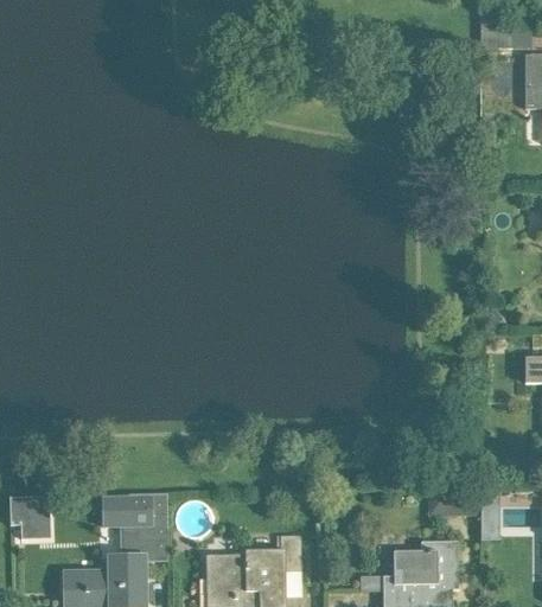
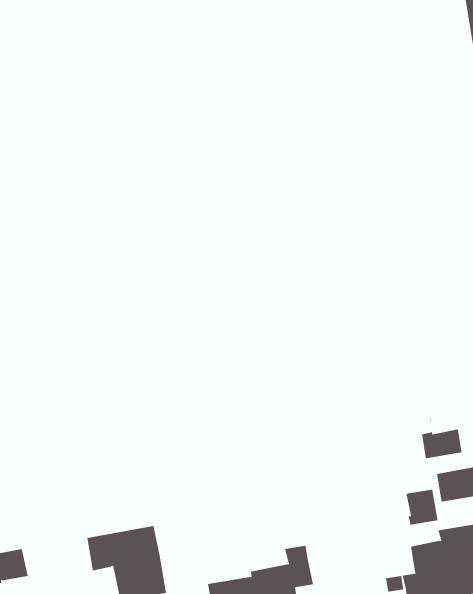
building: none -> [421,418,462,459]
building: none -> [393,489,438,526]

